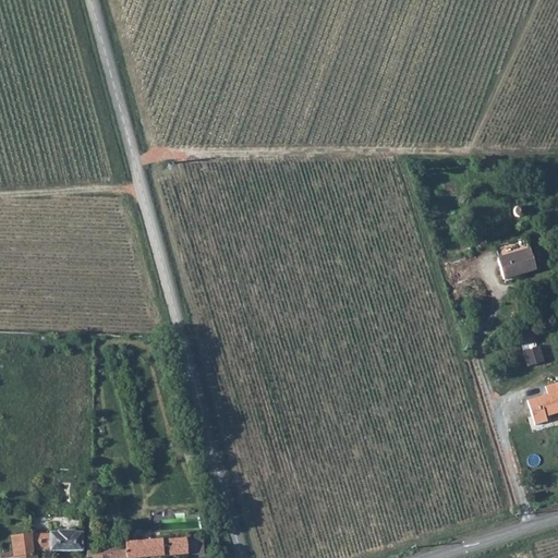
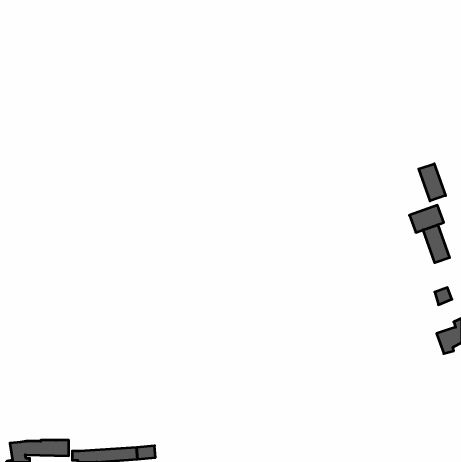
building: none -> [419,164,446,201]
building: none -> [423,225,450,263]

